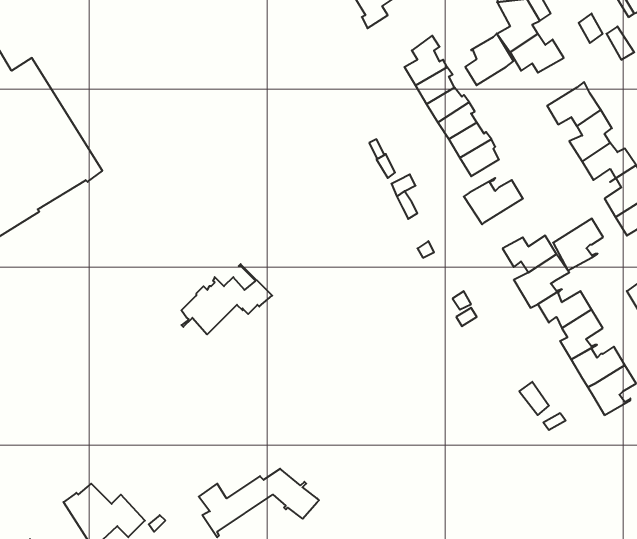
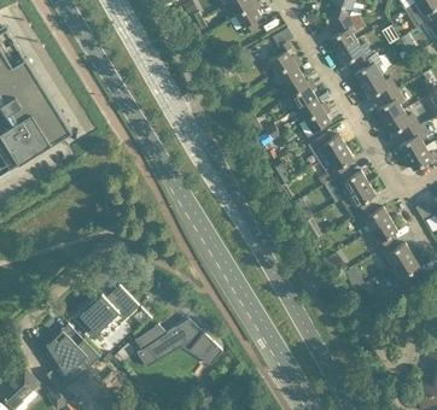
building: [465,33,513,85] -> [355,52,386,86]
building: [553,219,603,270] -> [321,146,354,180]
building: [181,264,272,334] -> [81,285,140,330]

